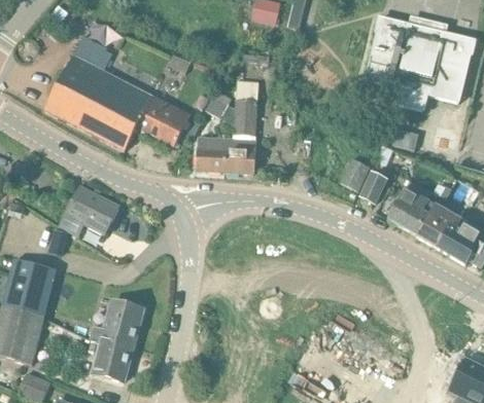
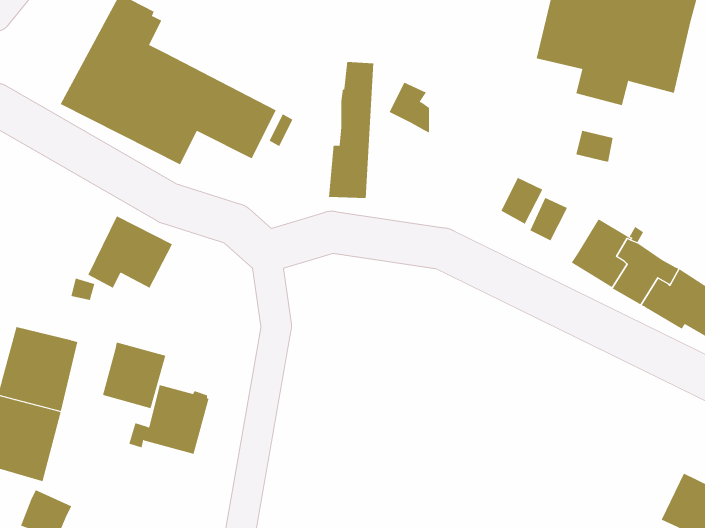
building: [205,90,233,125] -> [389,82,430,134]
building: [196,136,228,173] -> none
building: [91,337,134,382] -> [102,342,166,409]

